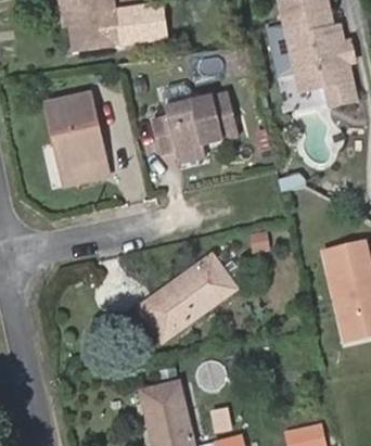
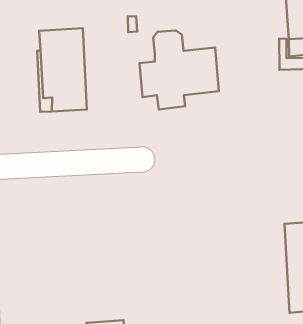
building: [141,255,243,341] -> none

